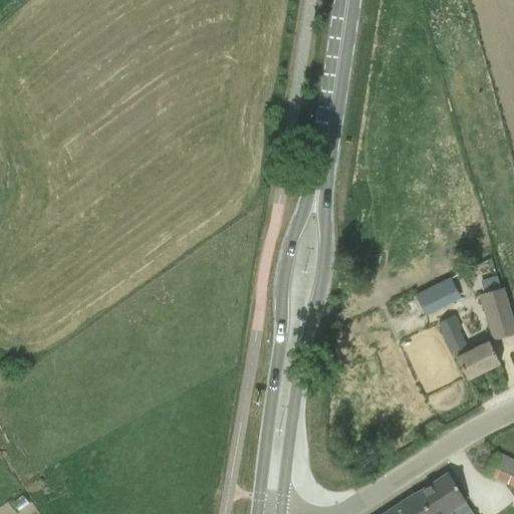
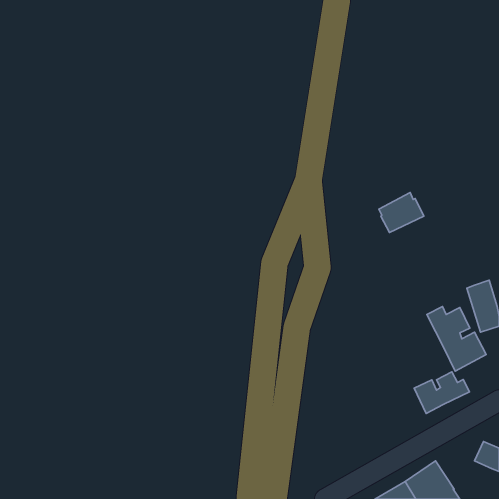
building: [414,272,460,313] -> [379,193,424,233]
building: none -> [414,372,469,413]

